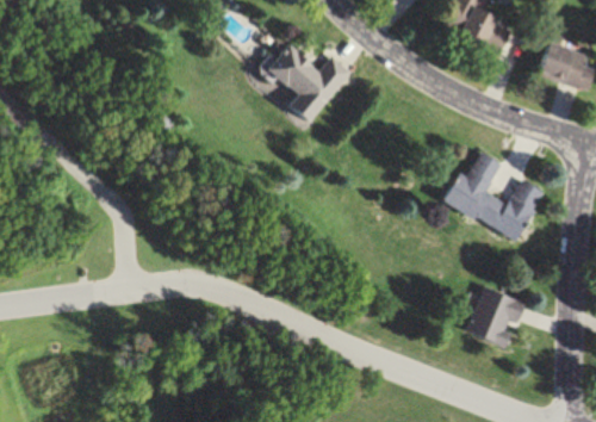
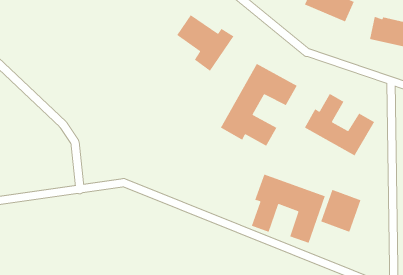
building: none -> [220,63,298,147]
building: none -> [251,173,326,244]

